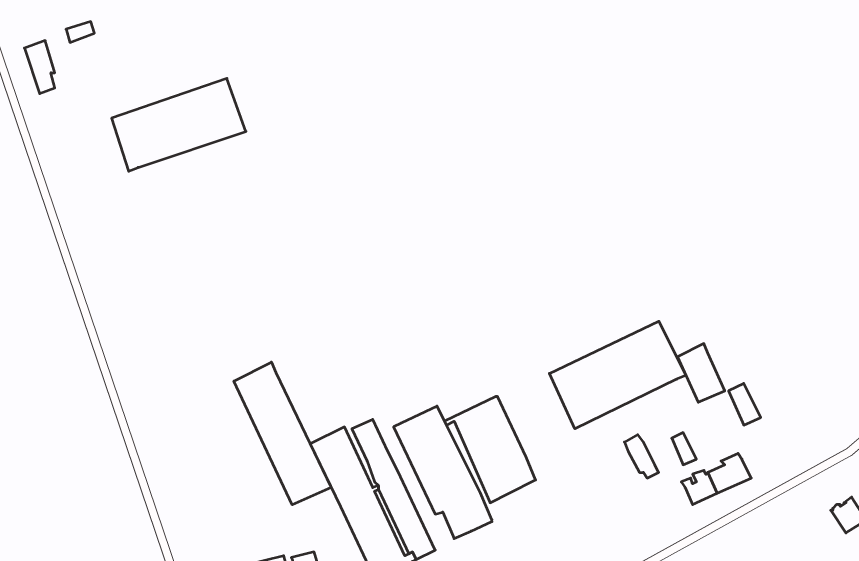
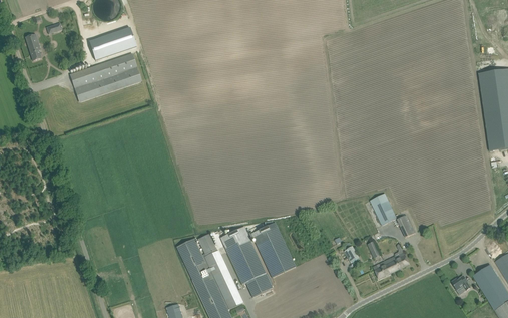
building: none -> [90,26,137,59]
building: [549,321,686,429] -> none
building: [234,362,331,505] -> none

